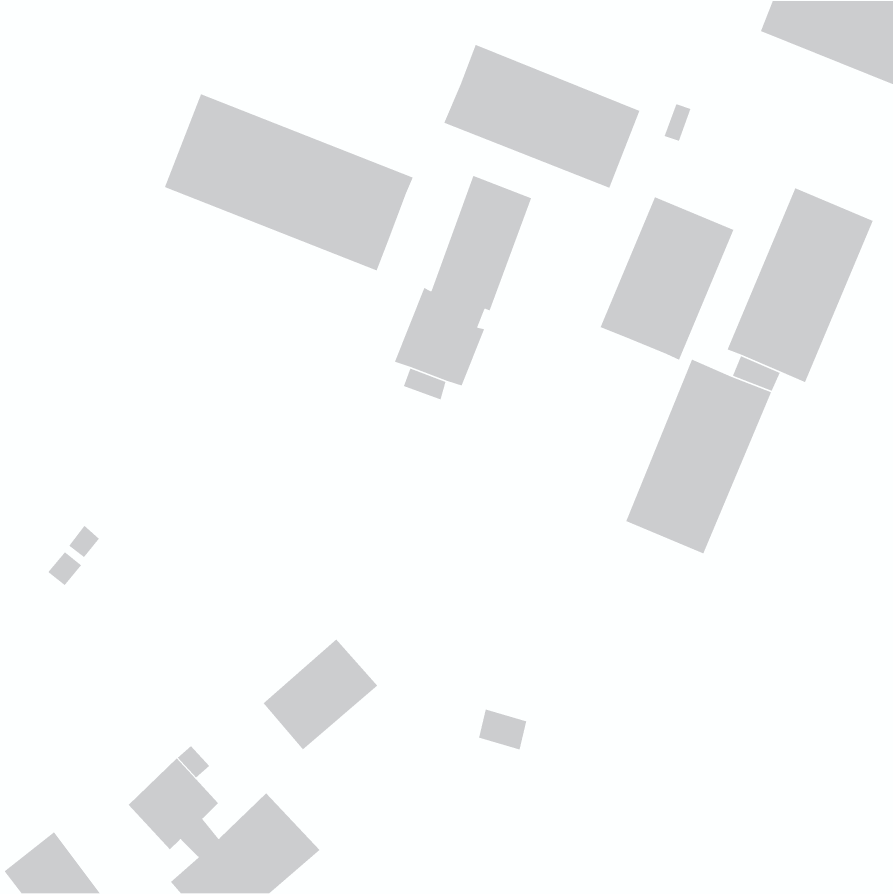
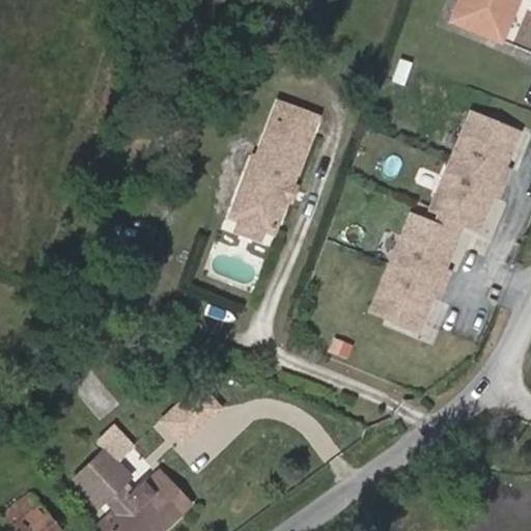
building: [443,44,640,189] -> none
building: [164,93,414,272] -> none
building: [600,196,735,361] -> none

